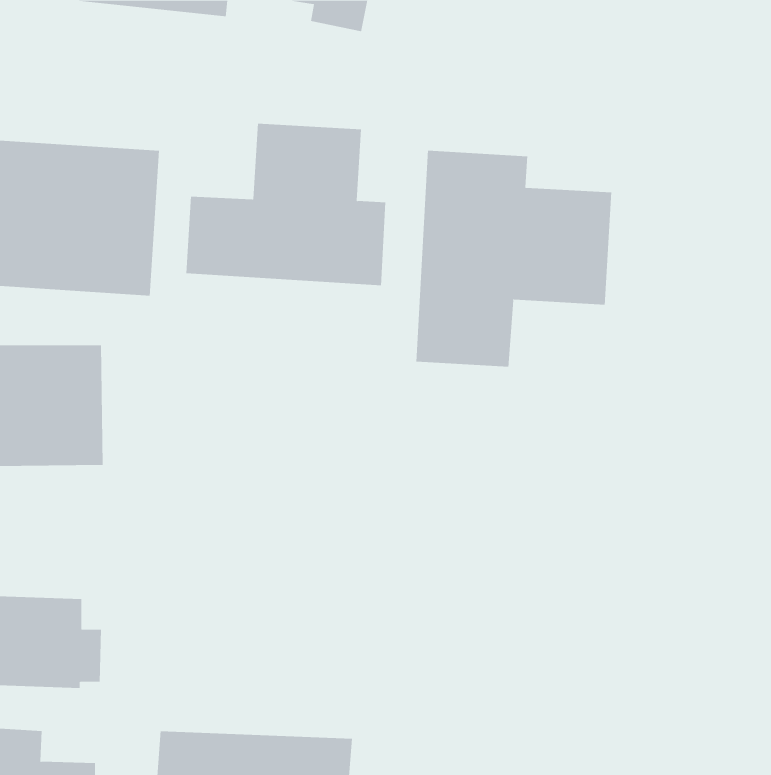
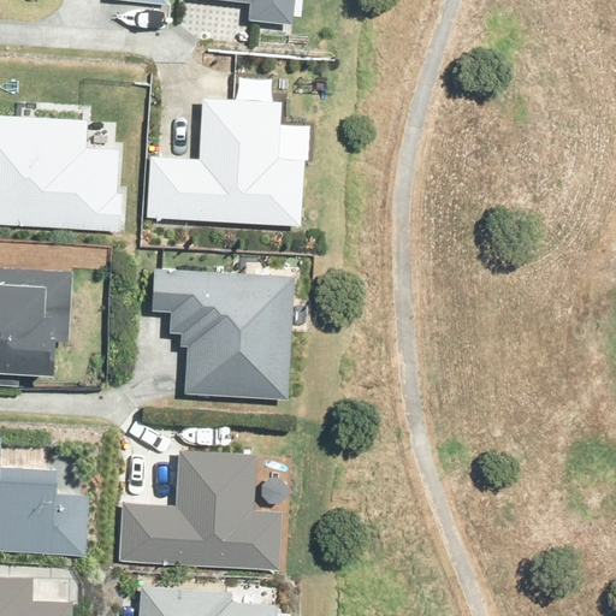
building: [416,150,612,367] -> none
building: none -> [137,273,289,391]
building: none -> [117,455,282,575]

